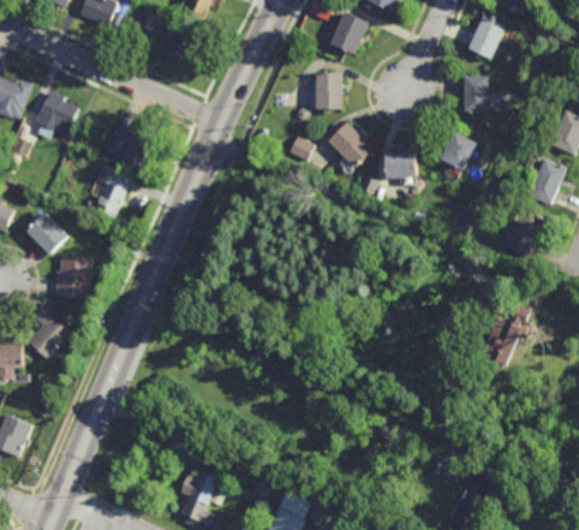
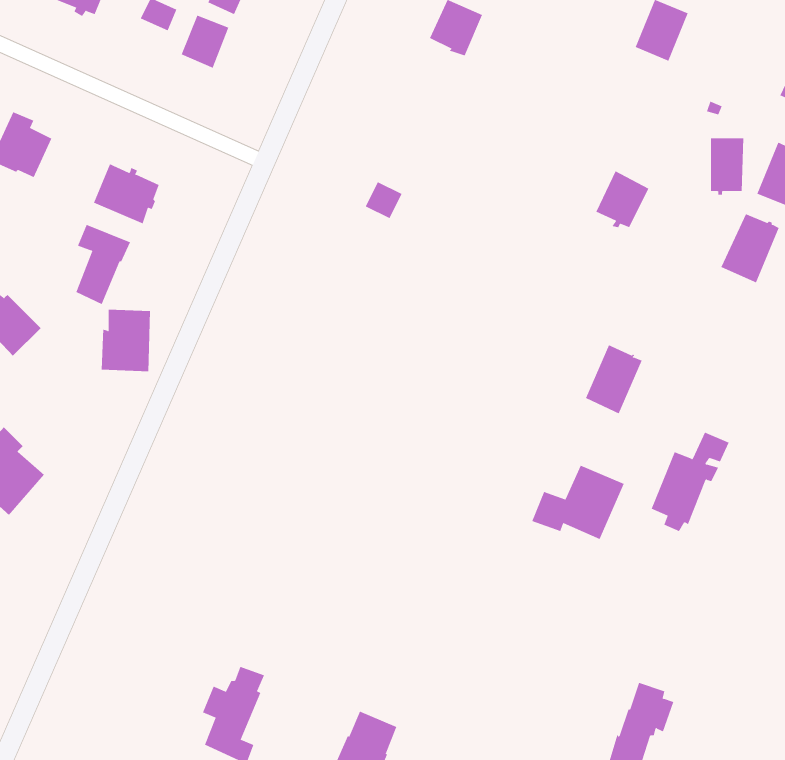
building: [315,69,341,107] -> none
building: [464,75,487,113] -> [710,138,744,195]
building: [327,120,371,166] -> none
building: [386,149,417,175] -> none
building: [505,208,543,255] -> [585,344,642,414]
building: [55,256,89,298] -> [101,309,151,372]
building: none -> [531,465,625,540]

